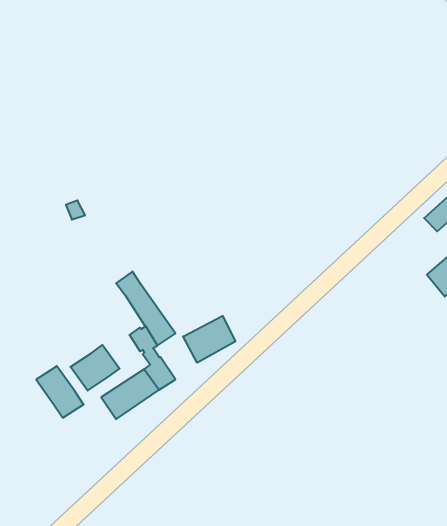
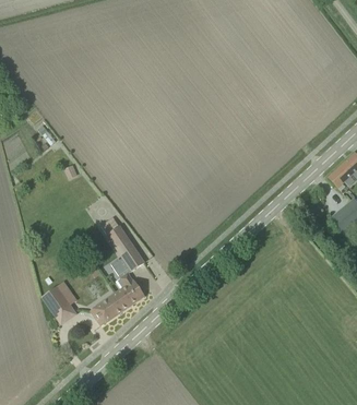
building: [183,316,235,363] -> none
building: [70,345,120,391] -> none

